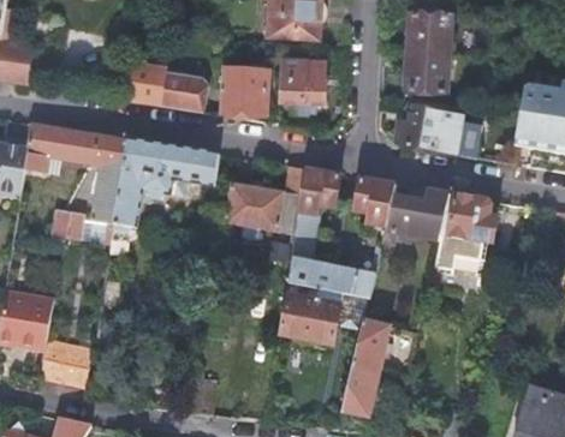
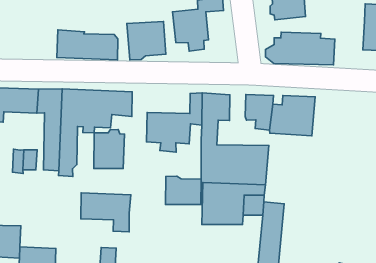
building: [430,193,496,274] -> none
building: none -> [94,129,125,169]
building: none -> [165,176,201,205]
building: none -> [81,193,131,232]

